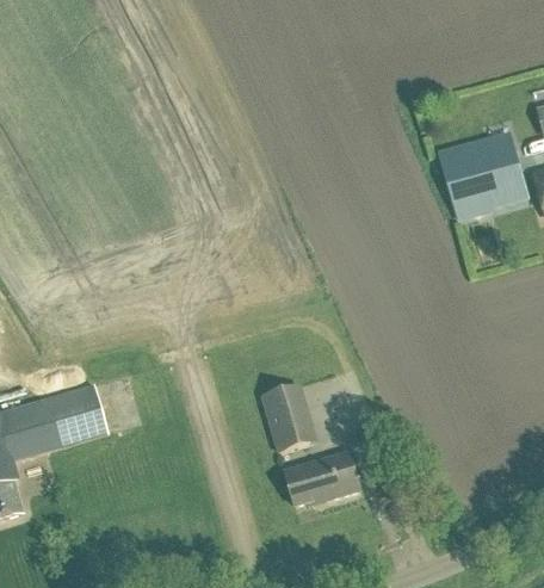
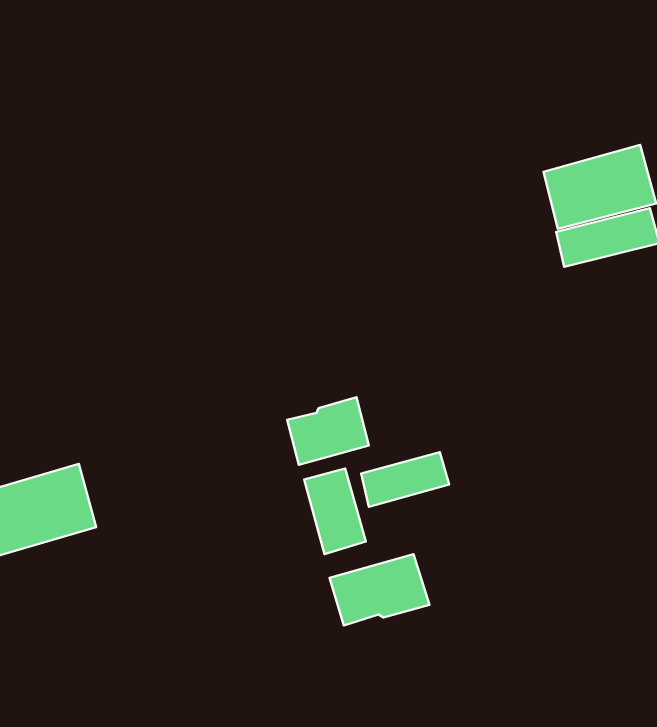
building: none -> [287,397,369,465]
building: none -> [361,452,449,507]

